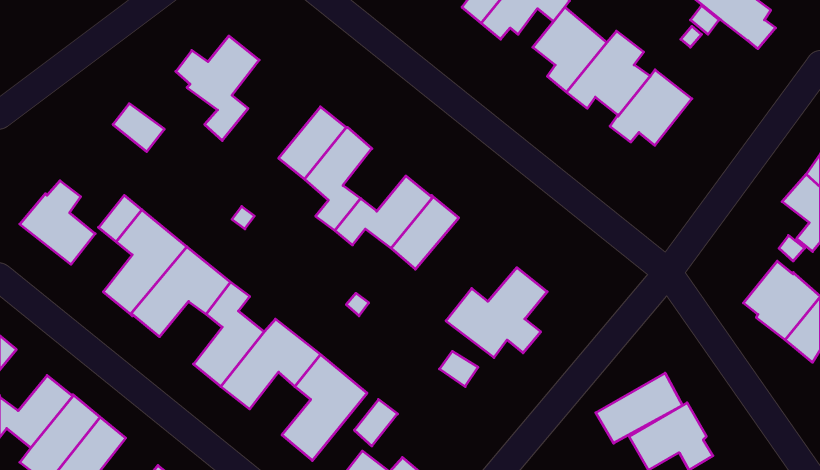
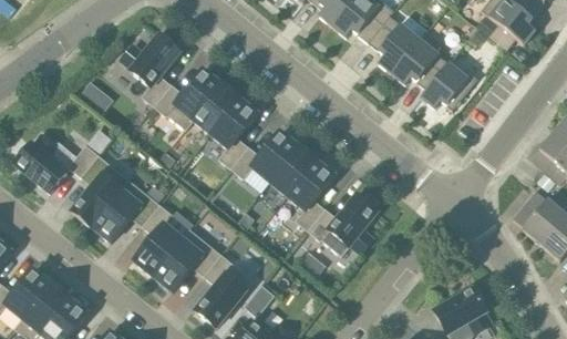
building: none -> [154,69,221,130]
building: none -> [287,160,334,230]
building: [596,373,683,443] -> none

